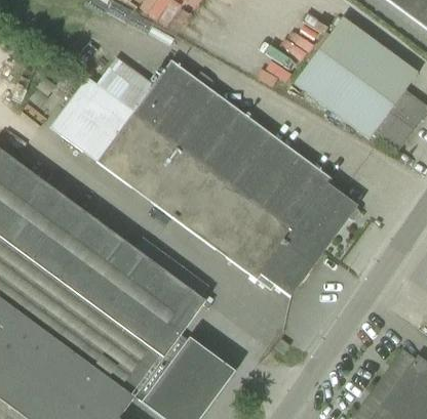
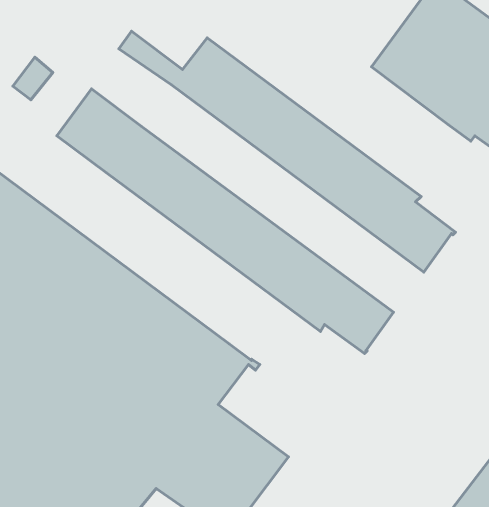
building: [87,70,335,265] -> none

